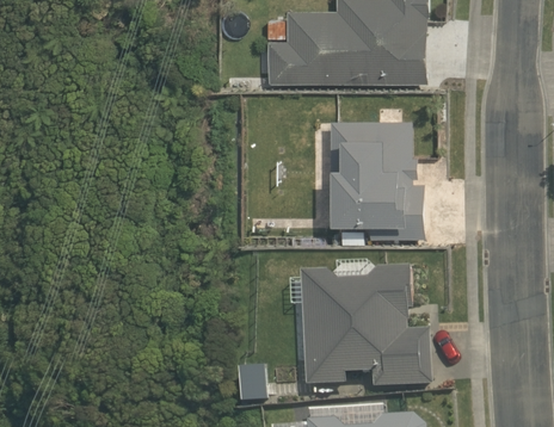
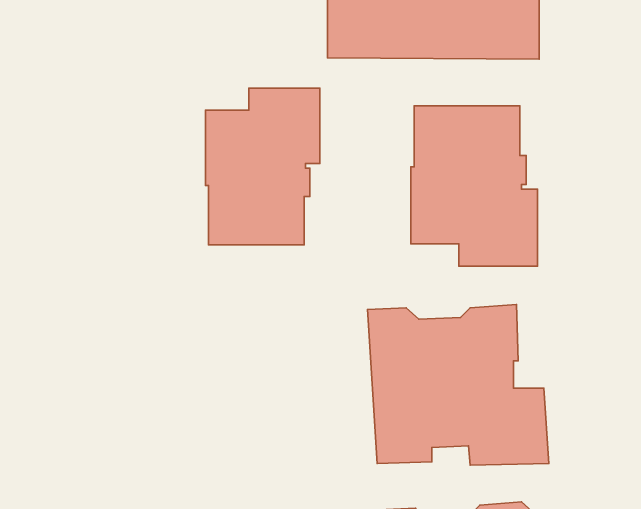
building: none -> [206,88,320,245]

